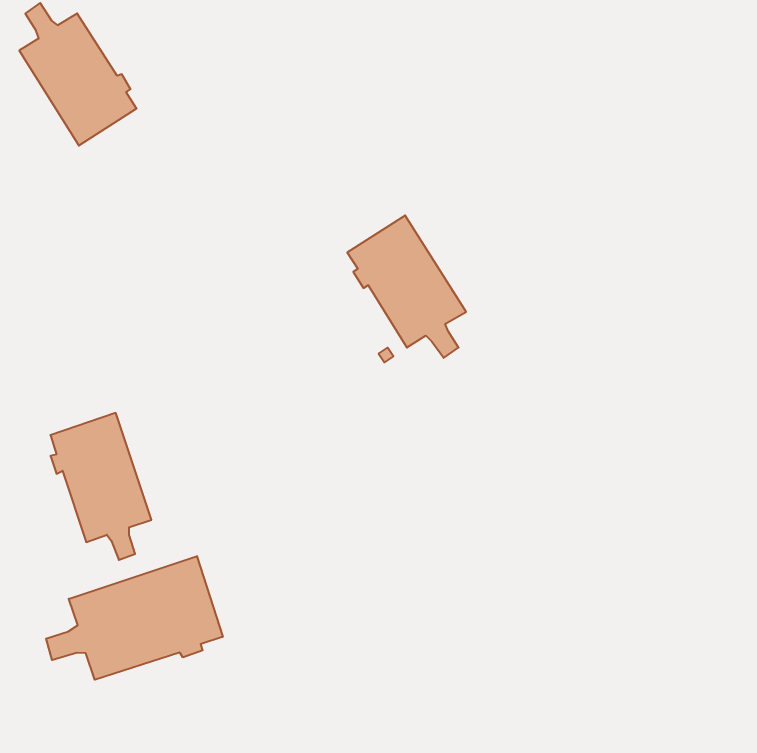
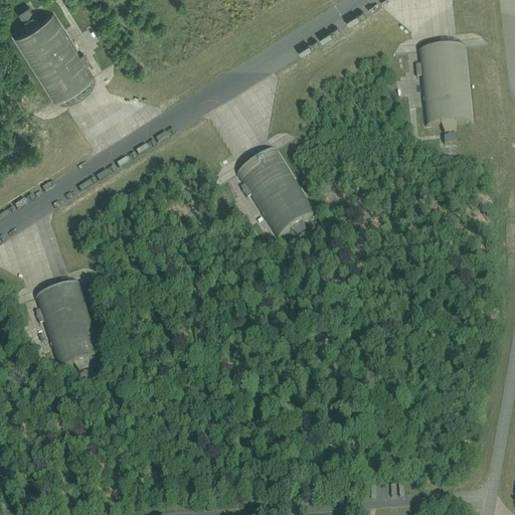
building: none -> [414,43,471,141]
building: [46,556,223,680] -> none

